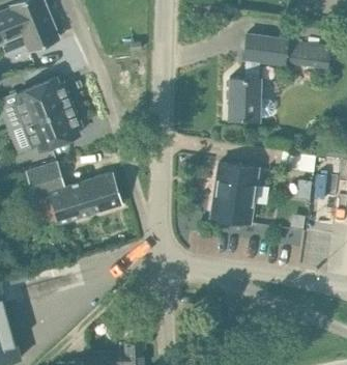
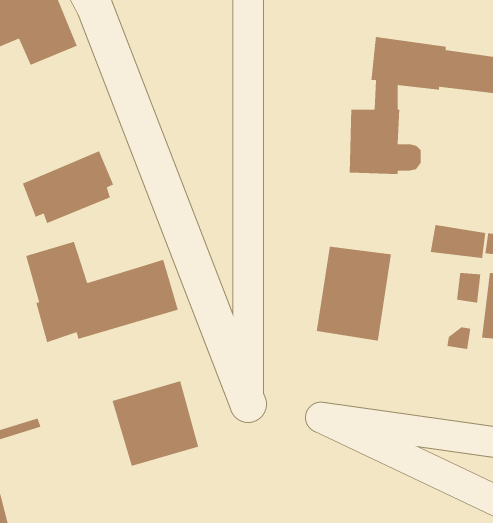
building: [15,78,73,125] -> none
building: none -> [111,380,199,467]

